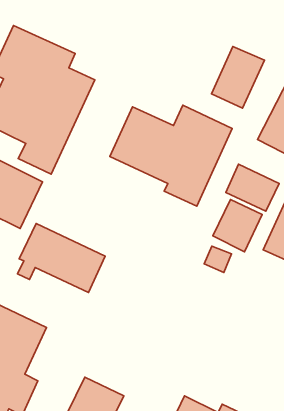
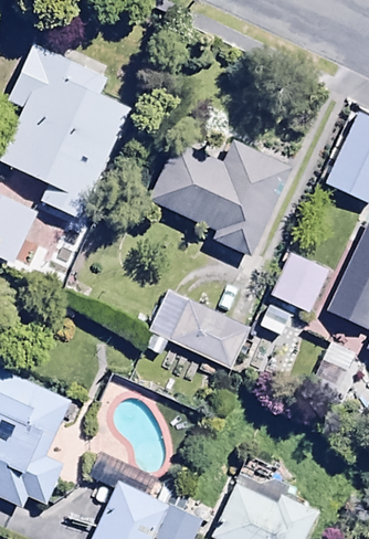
building: [212,47,265,108] -> none
building: [226,164,279,211] -> none
building: [17,223,105,293] -> [146,289,250,371]

